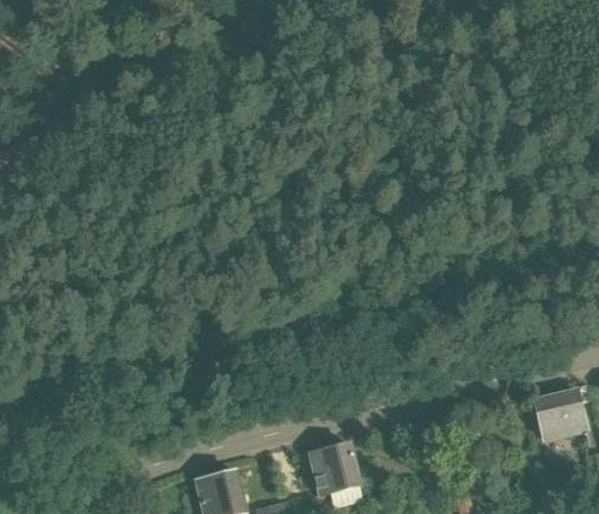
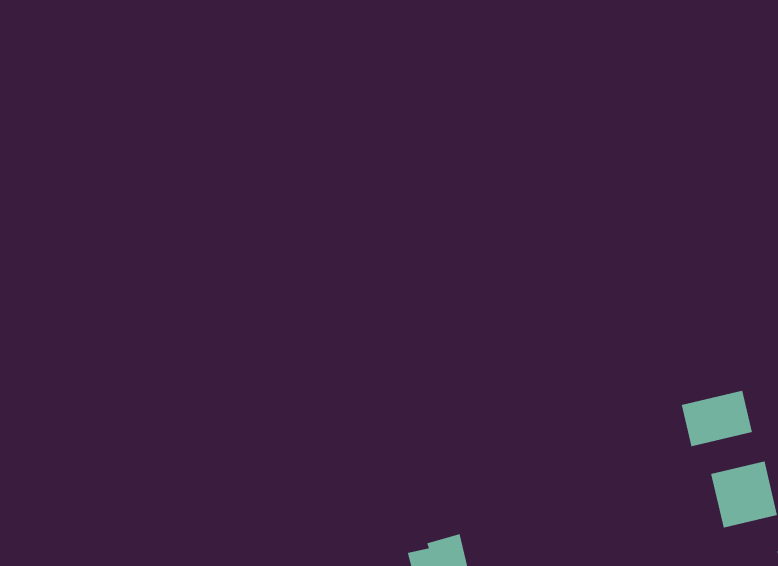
building: none -> [681,390,753,447]

